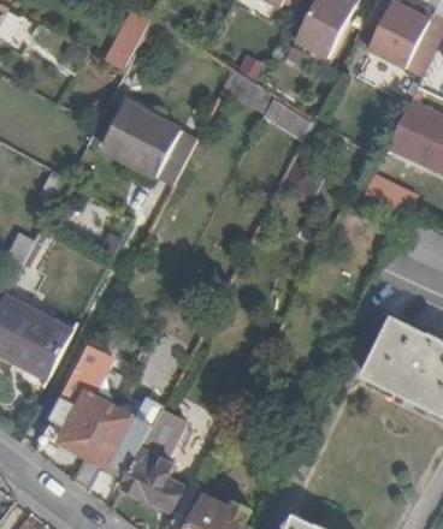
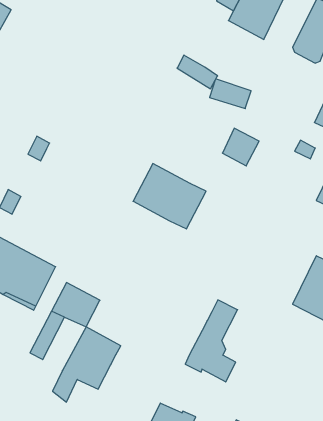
building: [101,11,149,72] -> none
building: [106,105,195,184] -> [133,164,206,229]
building: [58,390,111,454] -> none
building: [120,410,184,510] -> [185,300,238,382]

